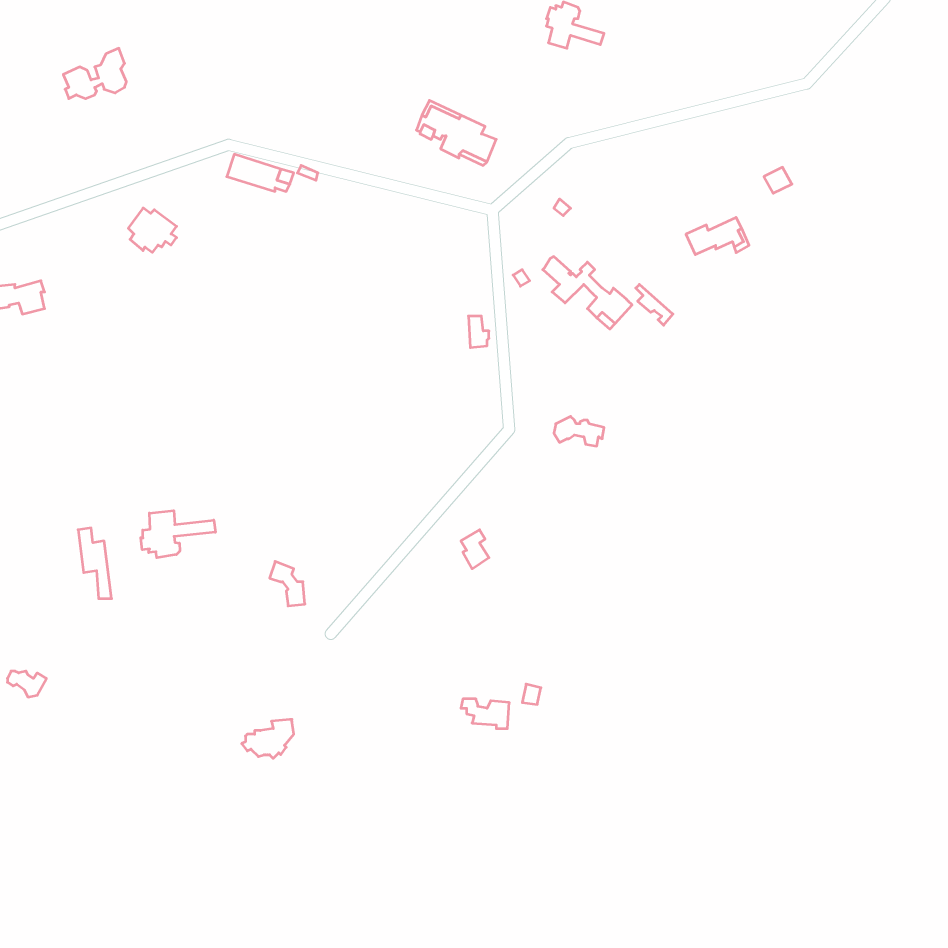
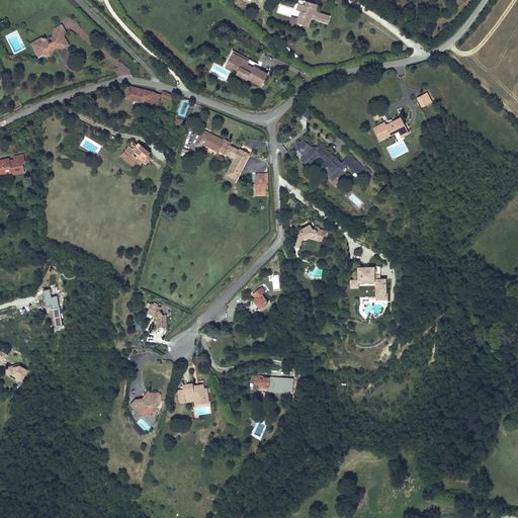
building: [128,208,177,252] -> [123,140,150,164]
building: none -> [193,127,247,176]
building: none -> [350,269,386,299]
building: [141,511,215,558] -> none
building: none -> [177,381,207,403]

